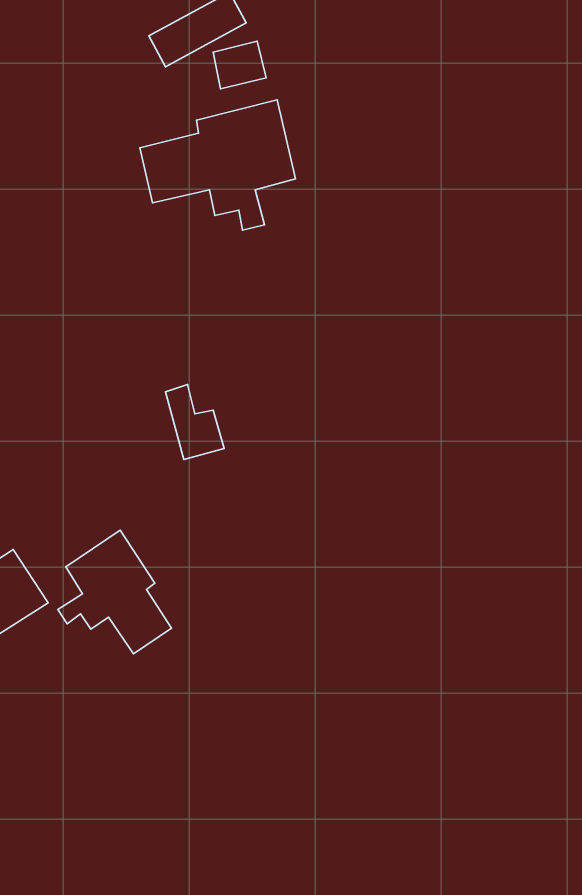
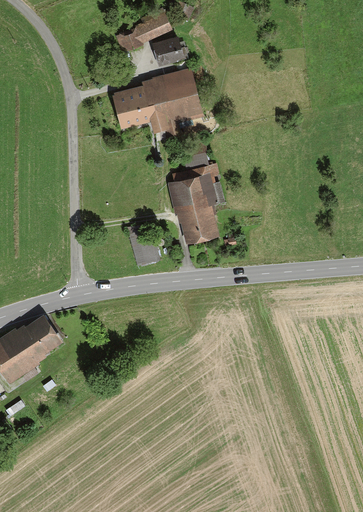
building: none -> [171,148,226,244]
building: [58,530,171,654] -> none

